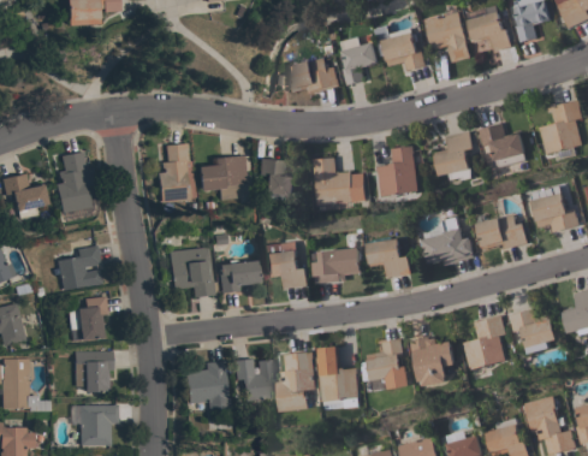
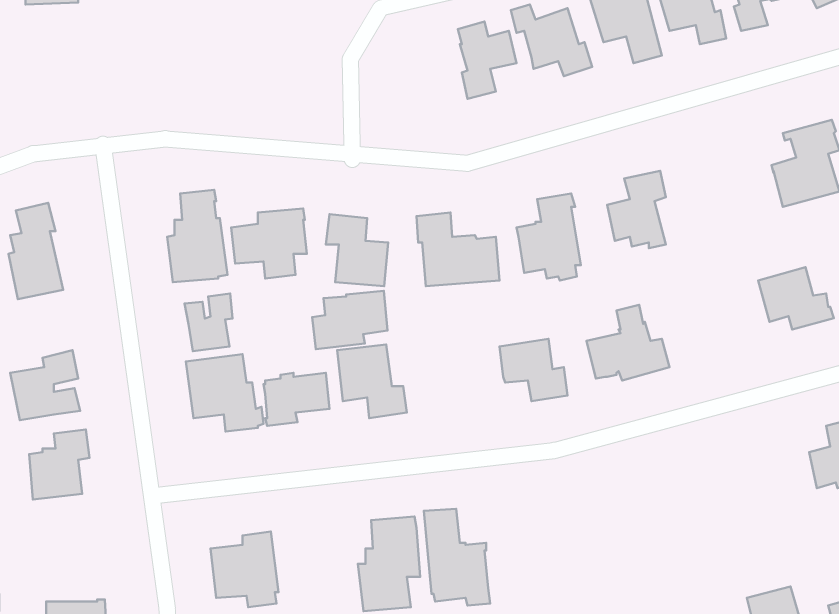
building: [286,59,339,94] -> none
building: [479,123,525,168] -> none
building: none -> [184,294,232,351]
building: [476,215,528,249] -> none
building: [313,248,361,285] -> [312,291,388,349]
building: [510,308,558,354] -> none
building: [463,315,507,369] -> none
building: [411,337,456,386] -> none
building: [368,338,411,390] -> none
building: [73,351,111,392] -> none
building: [231,359,273,401] -> none

